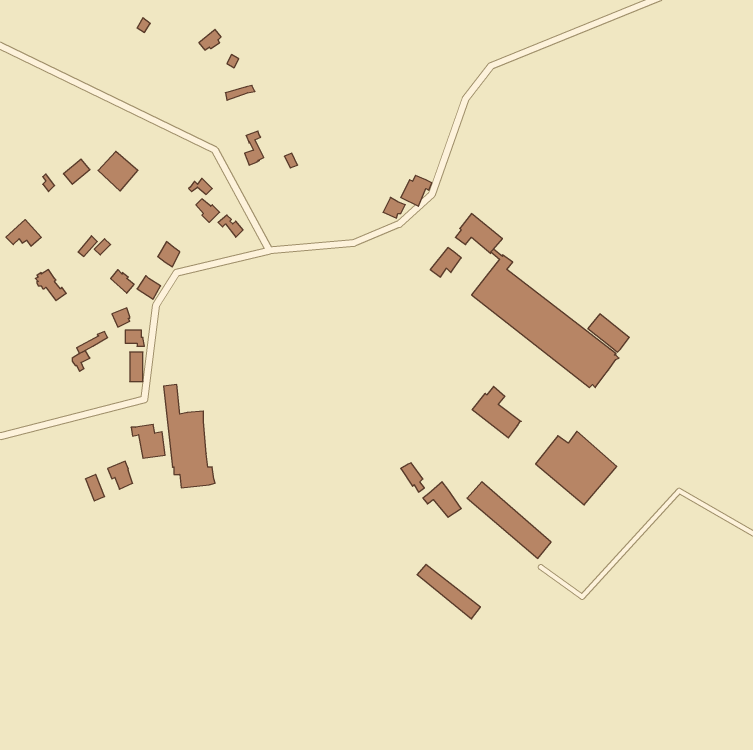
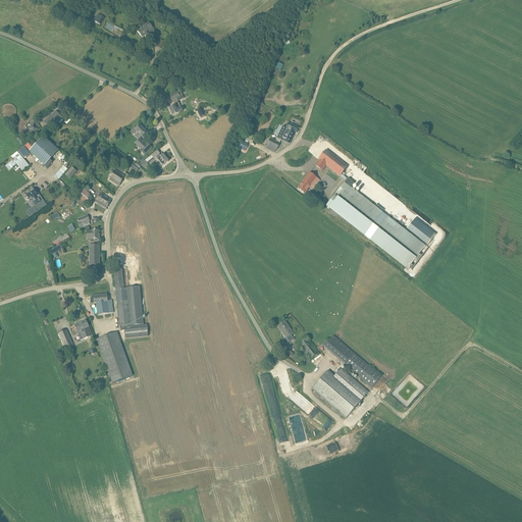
building: [98,151,138,191] -> [30,137,57,164]
building: [472,386,521,438] -> none
building: [536,431,617,505] -> [312,366,368,417]
building: none -> [97,330,133,381]

